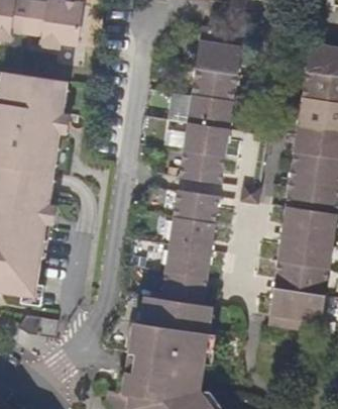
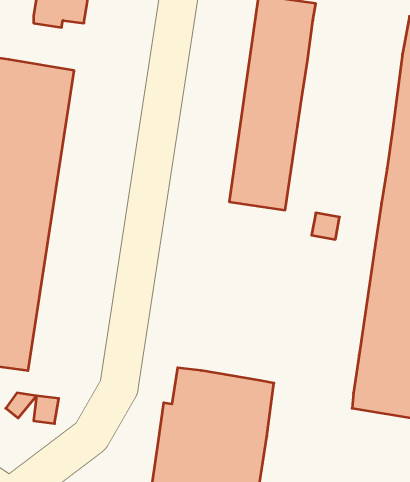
building: [160,190,219,305] -> none

